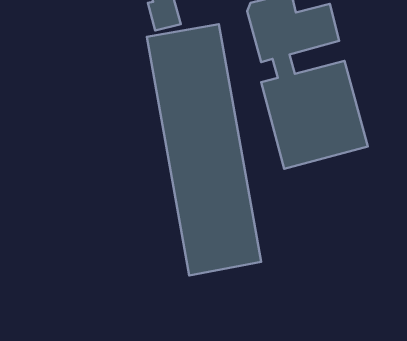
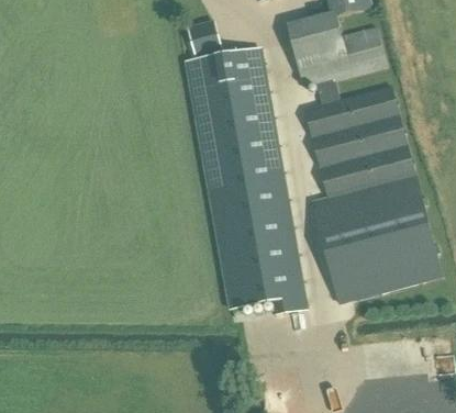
building: none -> [313,176,442,305]

